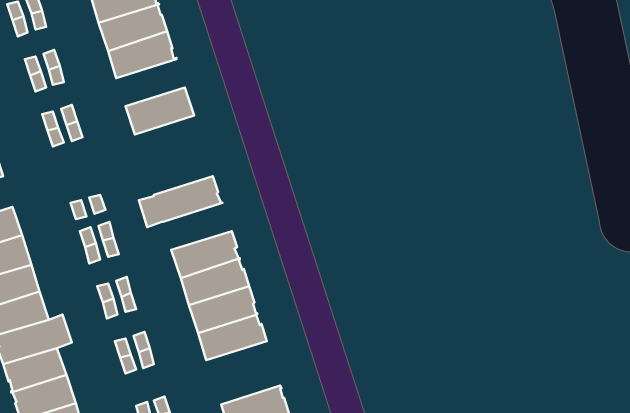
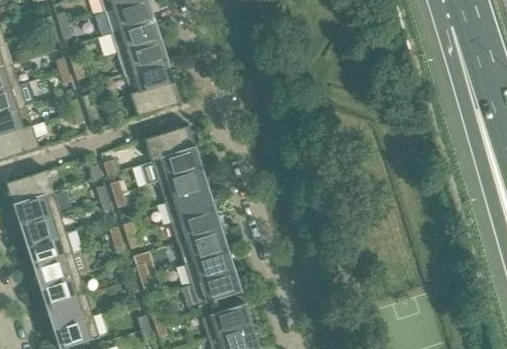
building: none -> [123,60,174,95]
building: none -> [144,125,195,161]
building: none -> [158,167,209,202]
building: none -> [190,270,242,306]

